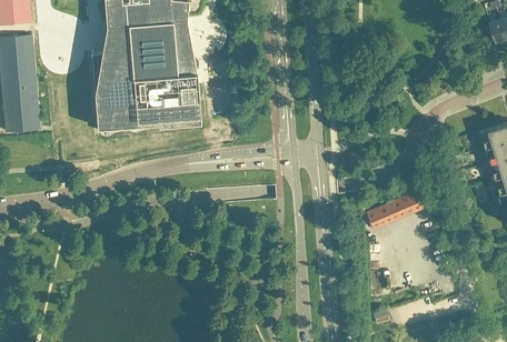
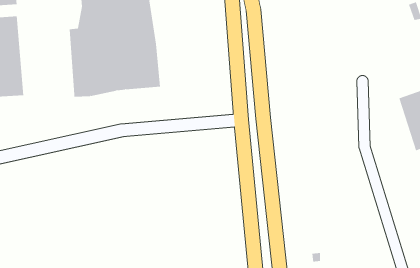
building: [368,193,425,230] -> none

